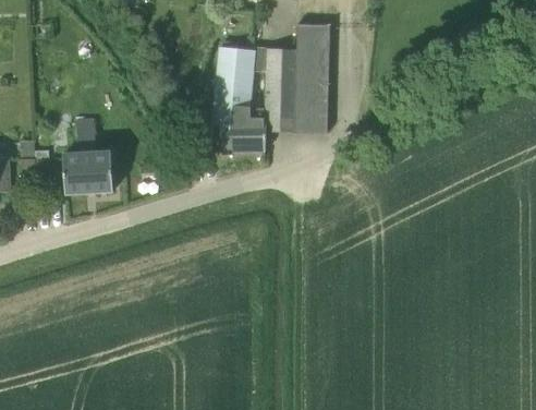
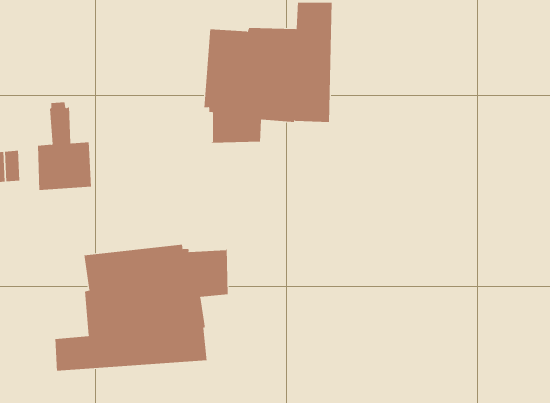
building: none -> [55,244,228,371]

